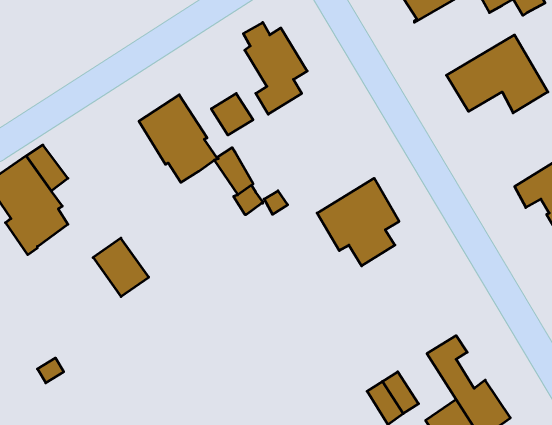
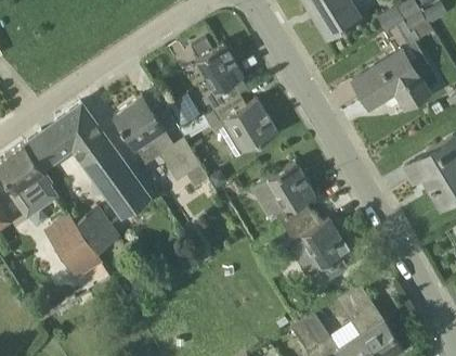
building: none -> [204,96,277,157]
building: none -> [51,104,152,220]
building: none -> [43,214,104,281]
building: none -> [286,214,350,280]

